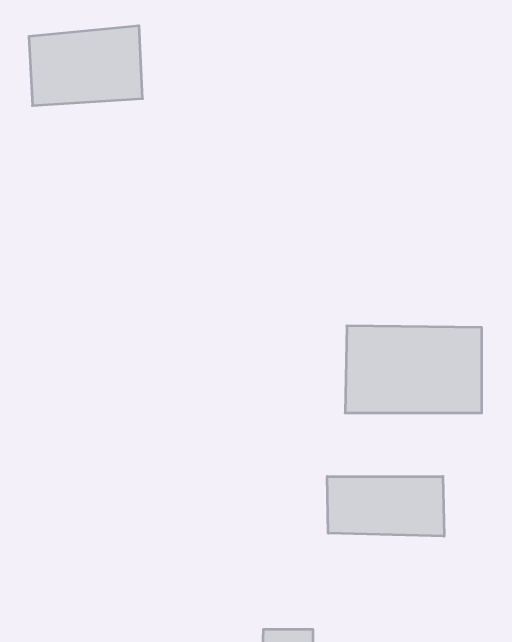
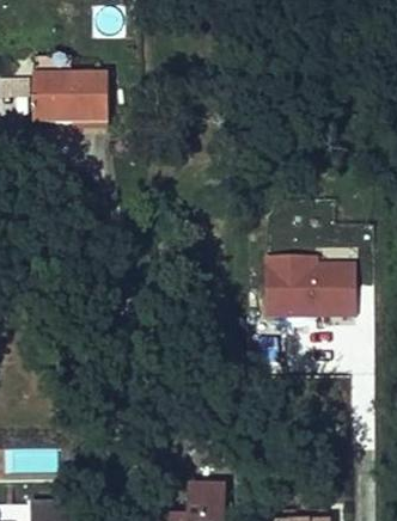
building: [327,476,444,536] -> none

